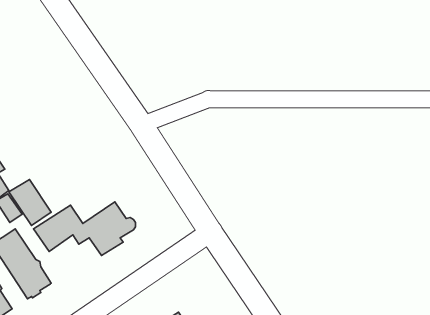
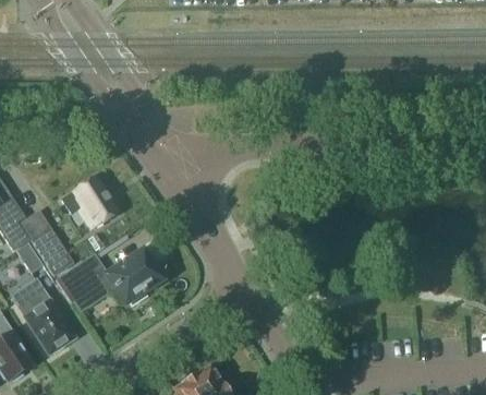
building: none -> [61,178,117,227]

